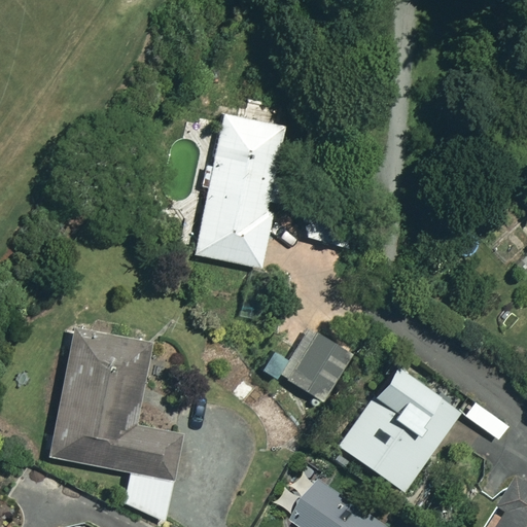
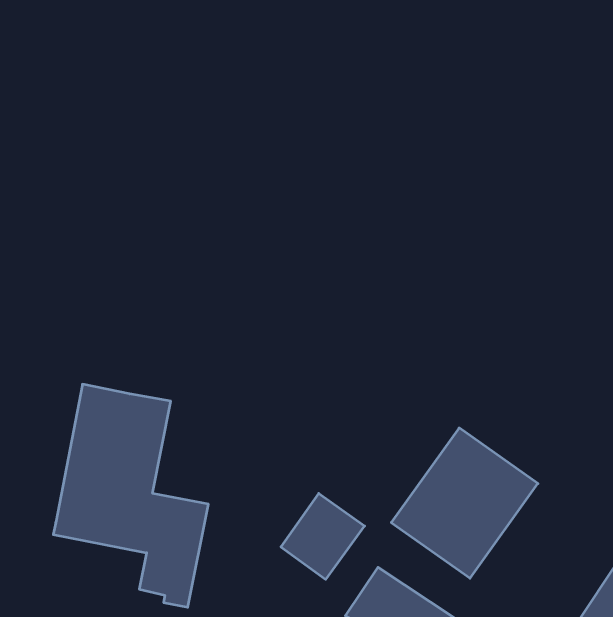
building: [195,114,288,267] -> none
building: [283,329,354,402] -> [281,493,365,579]

